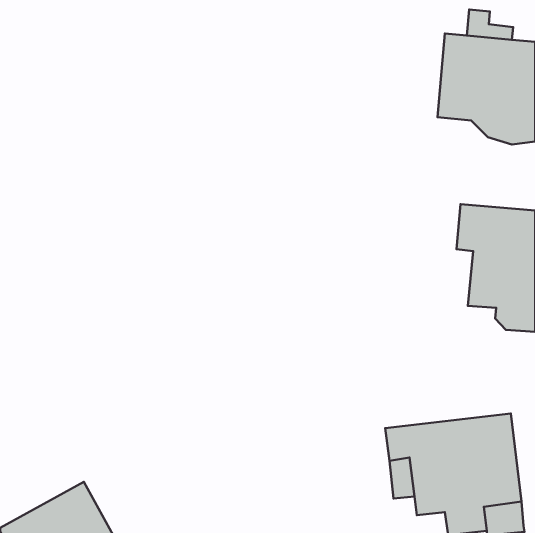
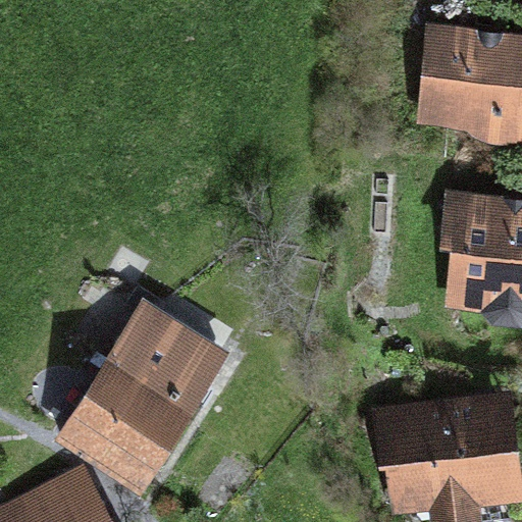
building: none -> [63,284,234,485]

